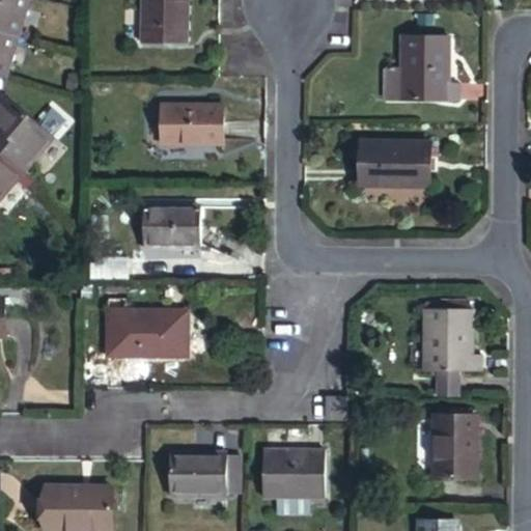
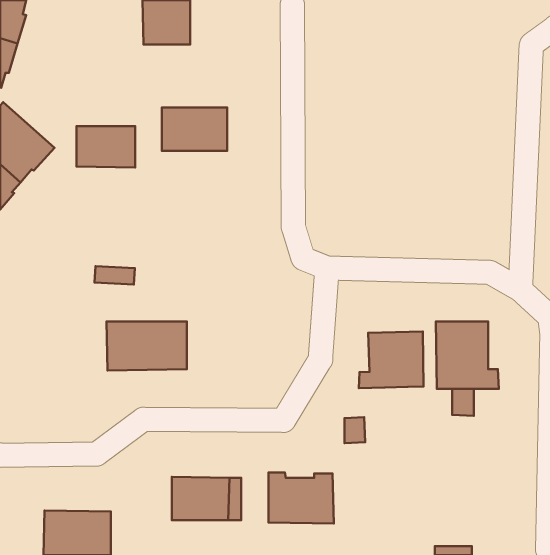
building: [401,35,458,100] -> none
building: [358,140,430,183] -> none
building: [141,207,197,247] -> [76,126,135,167]
building: none -> [359,331,424,388]
building: [434,417,475,478] -> none

